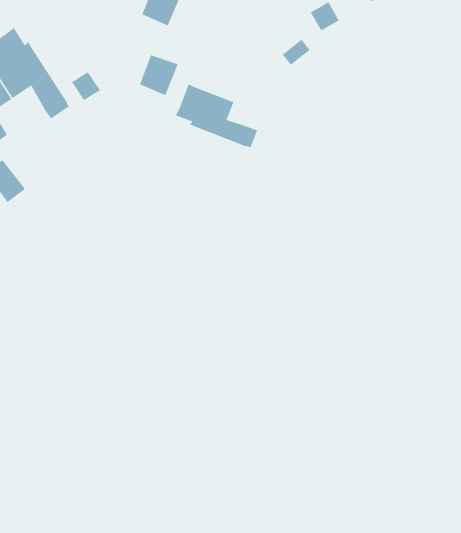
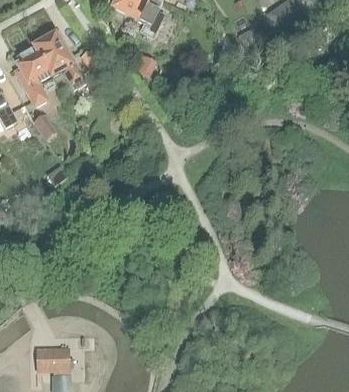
building: [175,84,258,148] -> none

